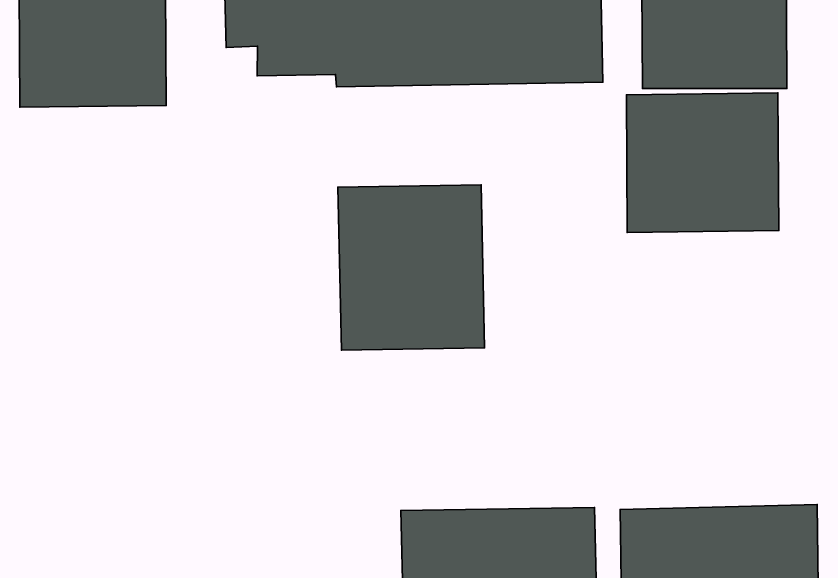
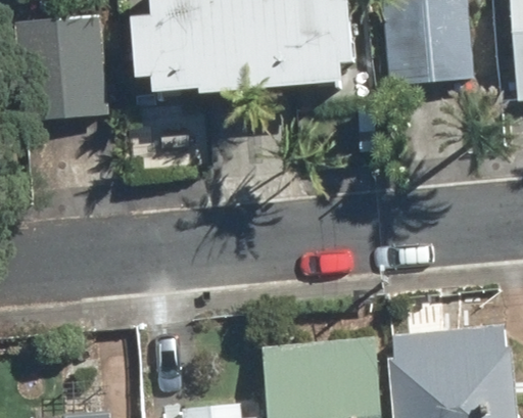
building: [626,93,779,232] -> none
building: [338,185,485,350] -> none

